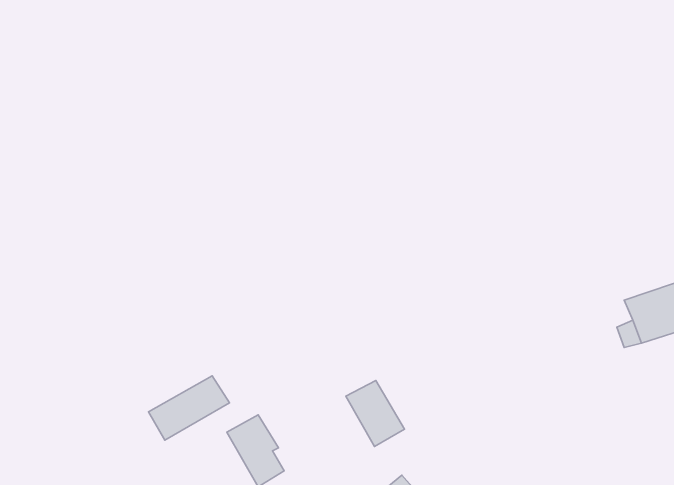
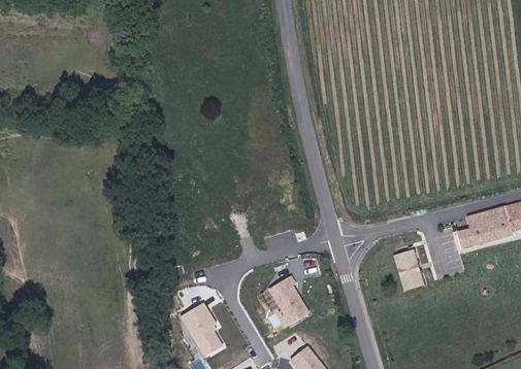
building: none -> [395,251,426,295]
building: [149,376,229,440] -> none

